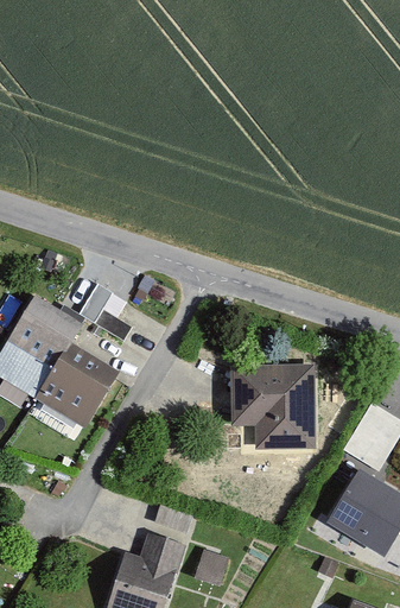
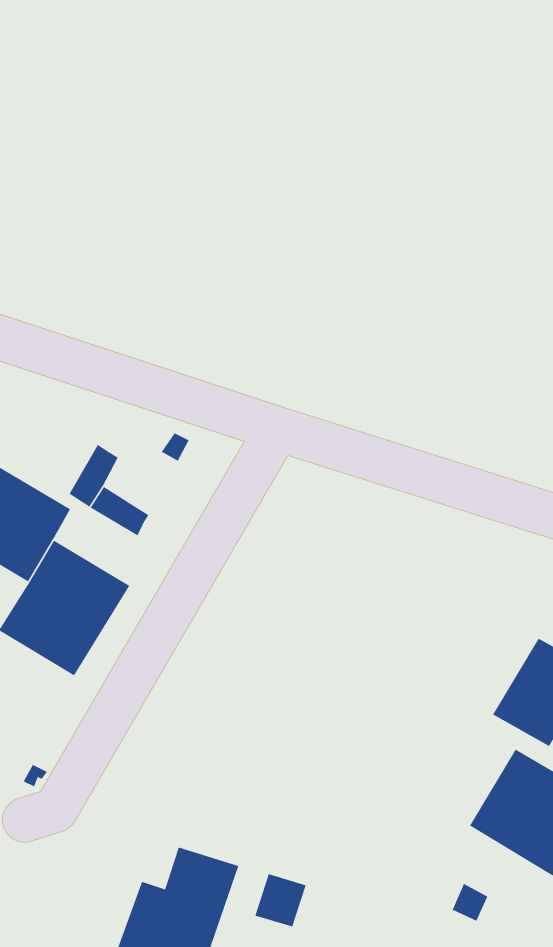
building: [230,367,311,450] -> none

